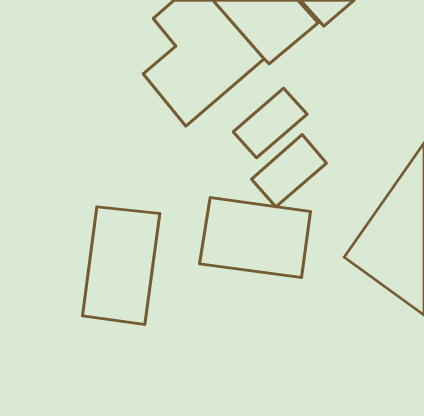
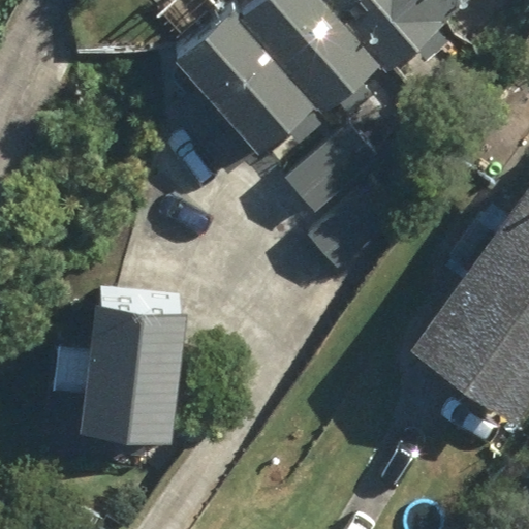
building: [200,198,310,277] -> none

